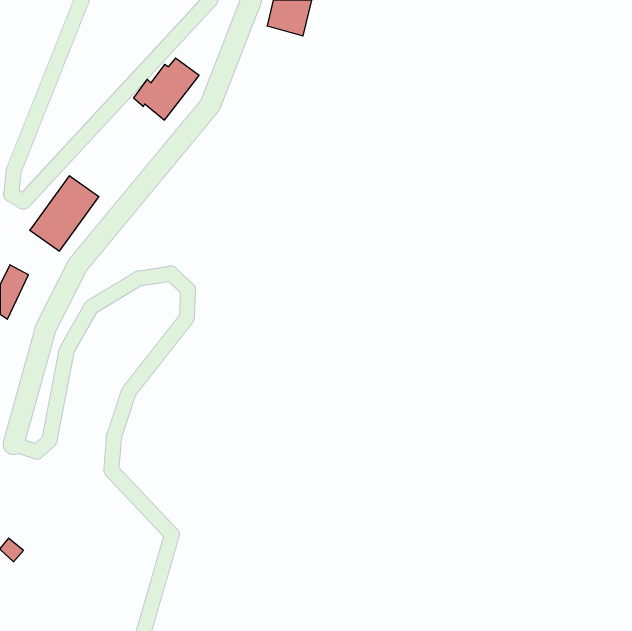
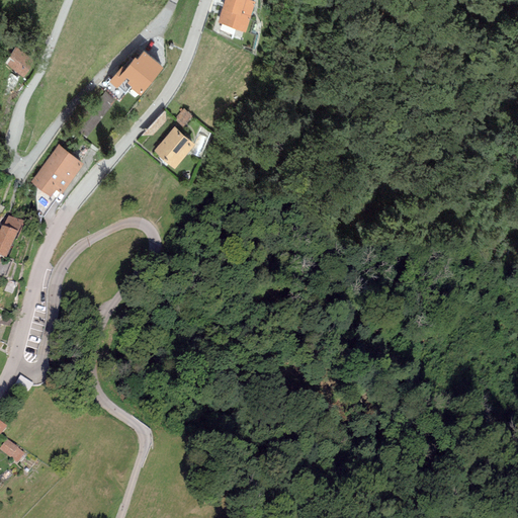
building: none -> [5,48,34,75]
building: none -> [154,125,194,167]

